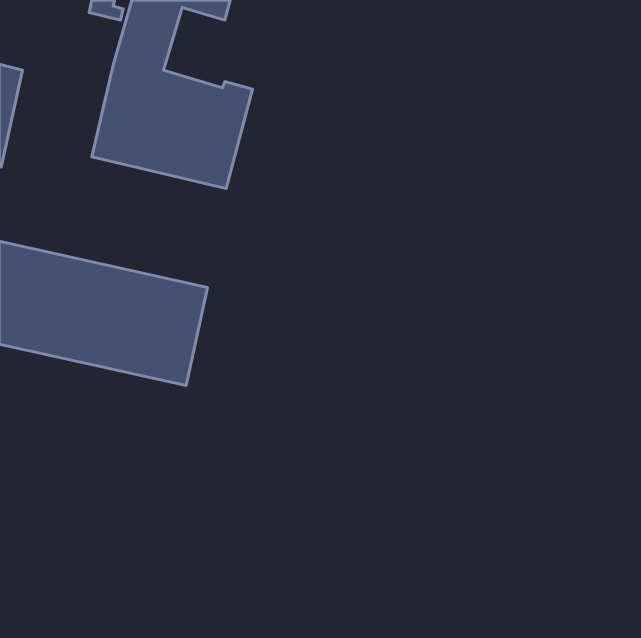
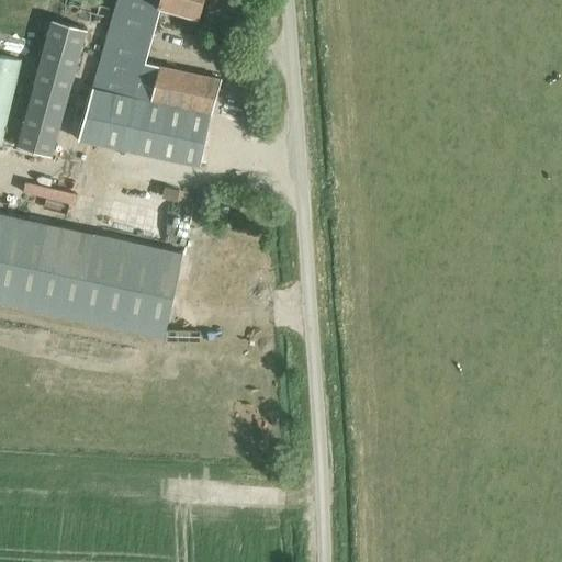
building: none -> [16,21,86,158]

